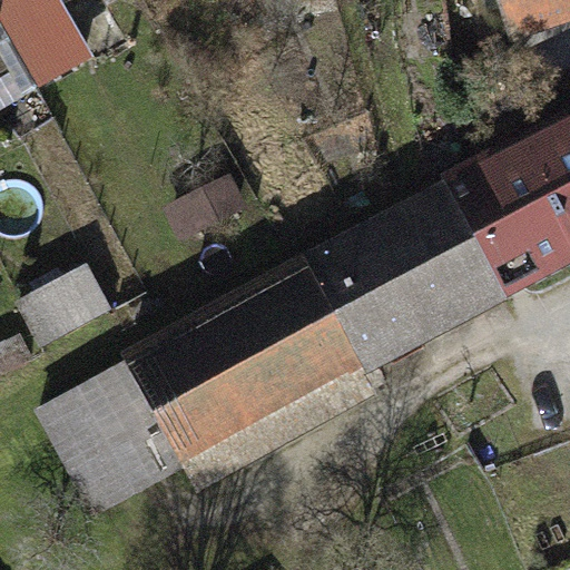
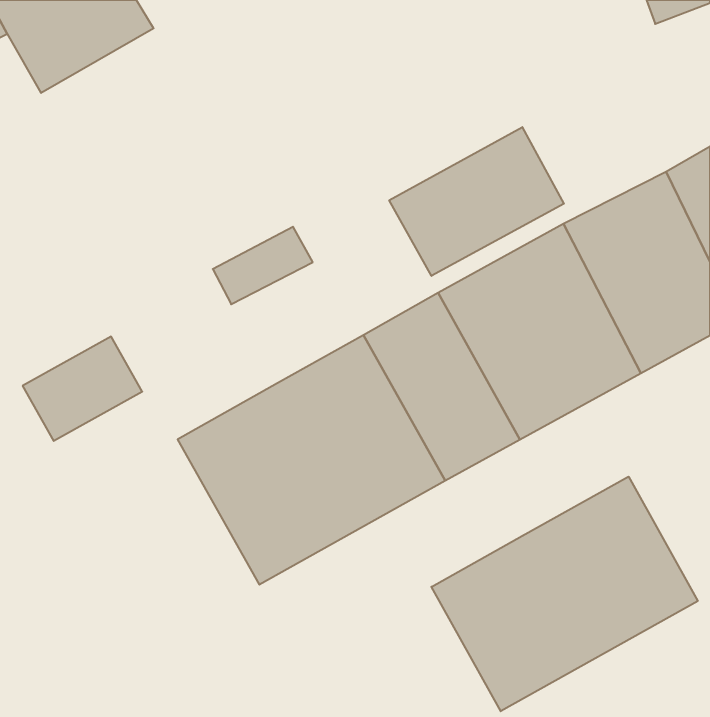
building: none -> [389,127,564,276]
building: [41,350,205,520] -> none
building: none -> [431,477,698,711]

